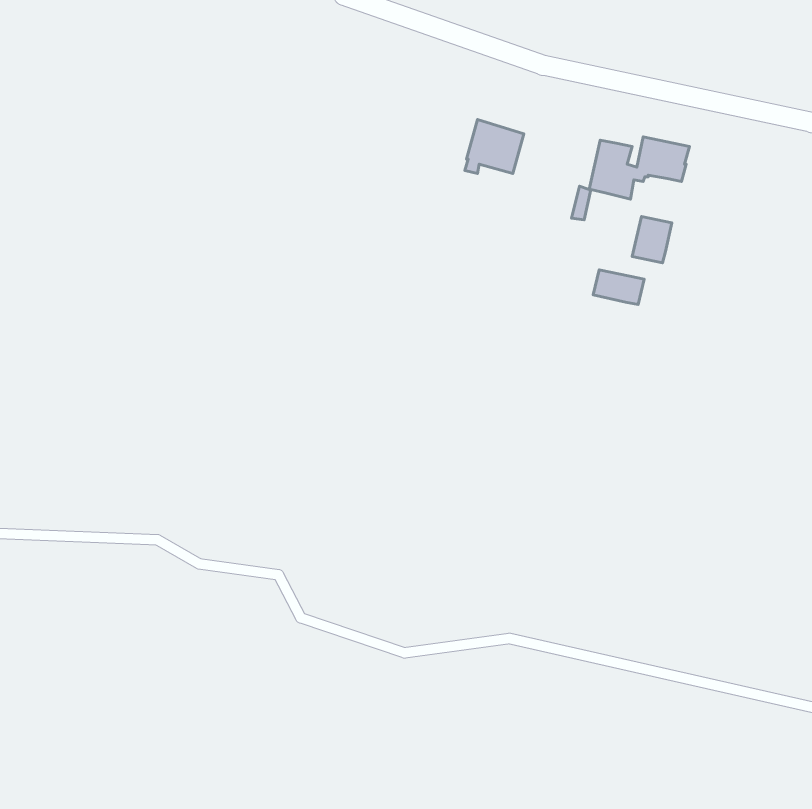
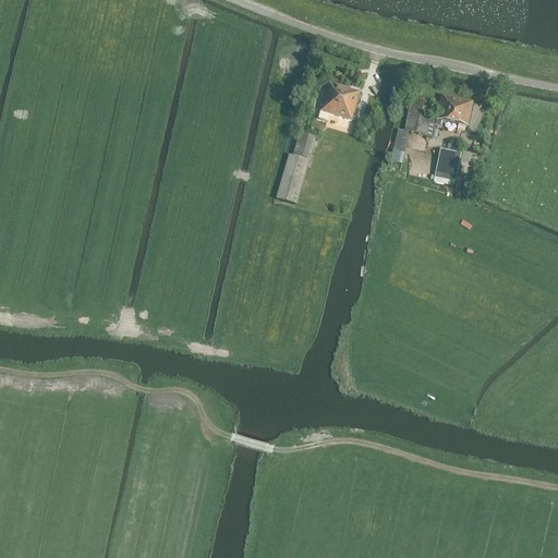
building: none -> [276,131,315,203]
building: [593,270,644,304] -> none

